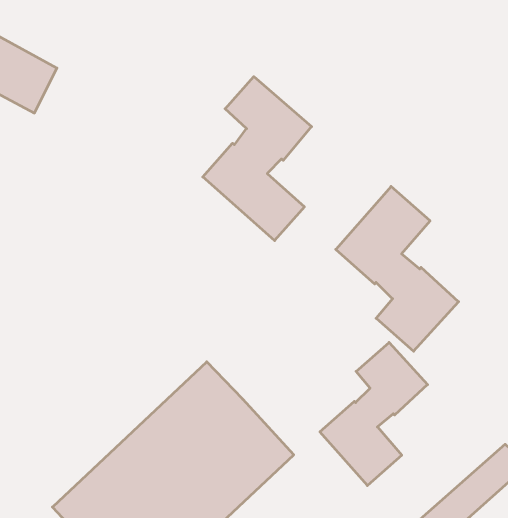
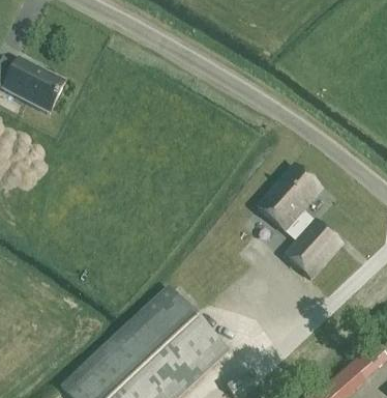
building: [203,77,312,241] -> none
building: [320,342,428,486] -> none

